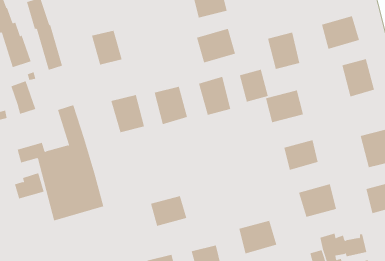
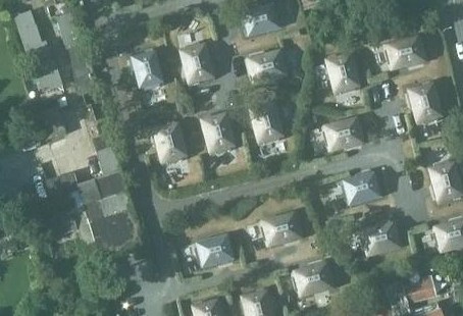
building: none -> [178,43,216,86]
building: [239,69,268,102] -> none
building: none -> [260,210,303,248]

